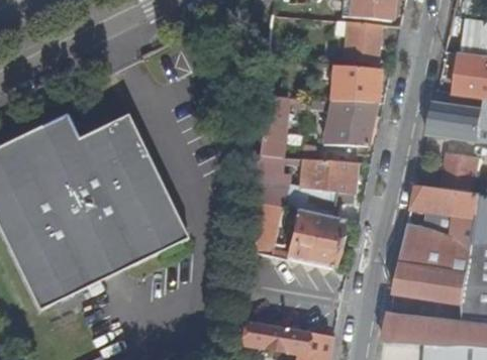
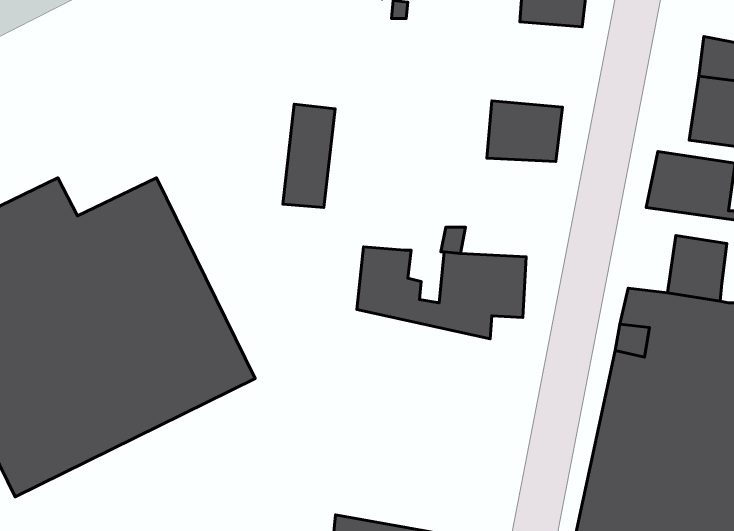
building: [345,21,380,62] -> none
building: [256,94,288,157] -> [283,104,335,208]
building: [321,101,381,146] -> none
building: [246,198,345,268] -> none

